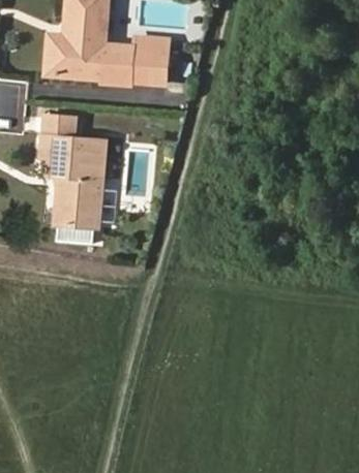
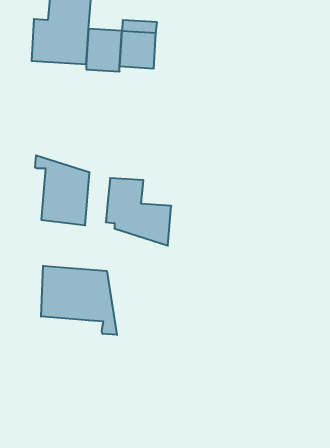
building: [43,115,107,180] -> [106,178,171,246]
building: none -> [41,266,117,335]

